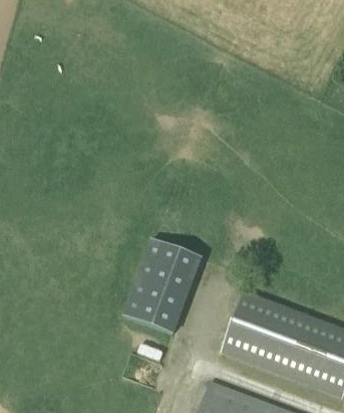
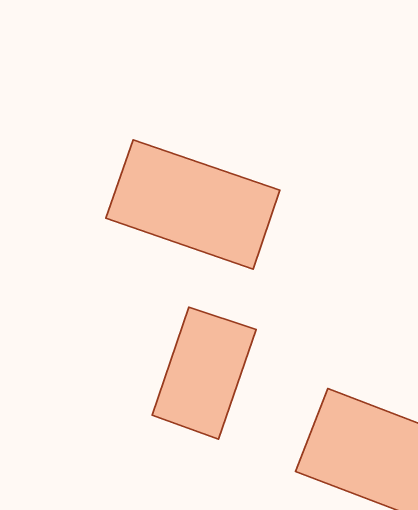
building: none -> [106,140,280,269]

